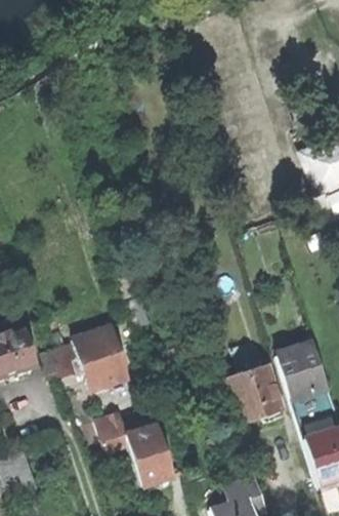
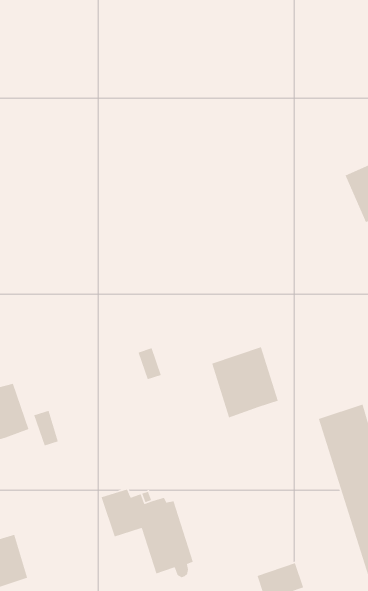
building: [73,325,129,389] -> none
building: [225,361,282,422] -> [211,346,279,418]

